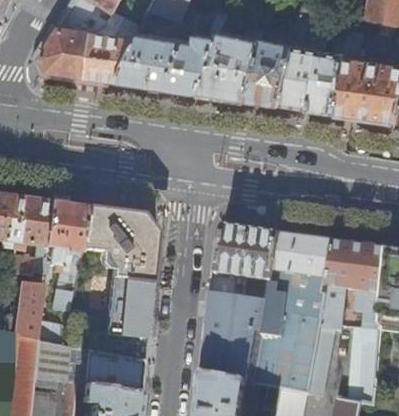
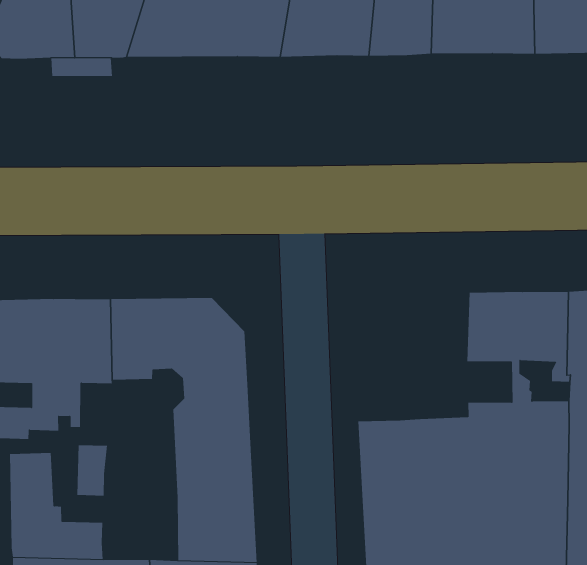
building: [209,229,280,300] -> none

